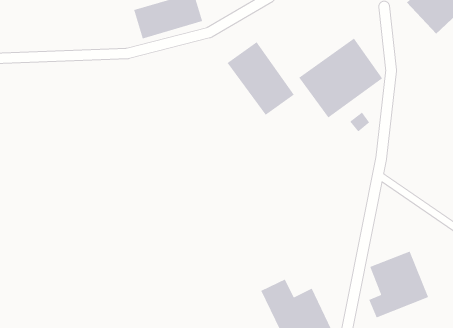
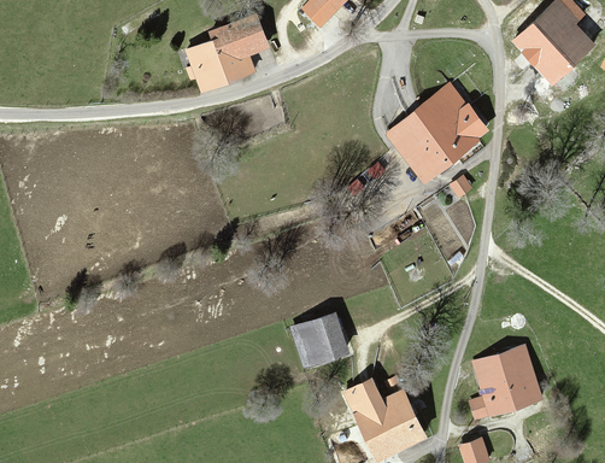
building: [226,41,295,116] -> none
building: none -> [292,315,346,367]

